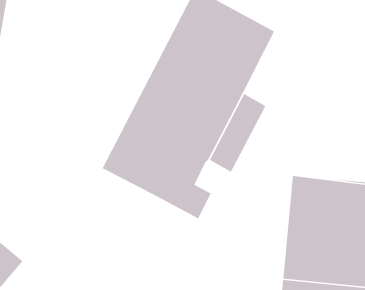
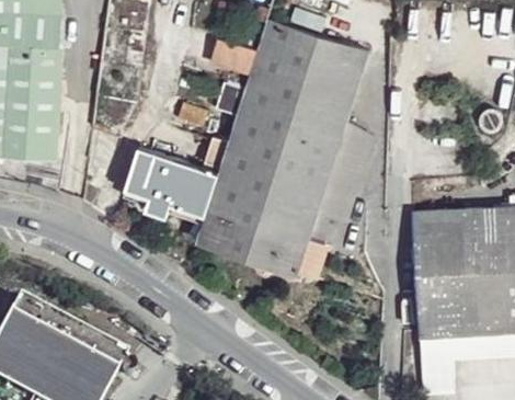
building: none -> [124,147,217,215]

